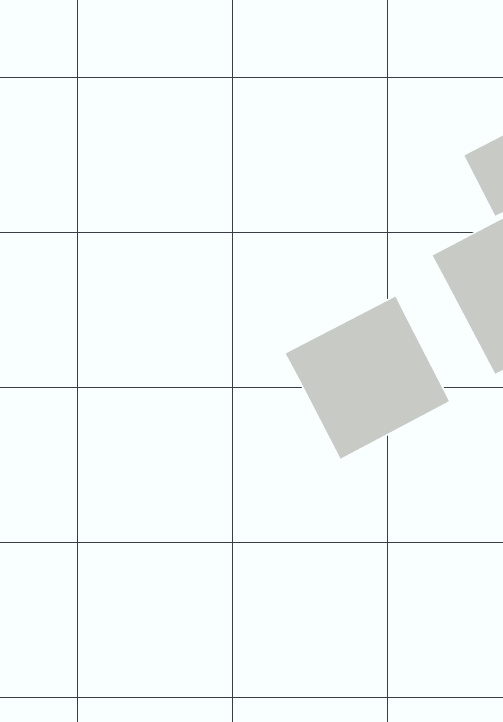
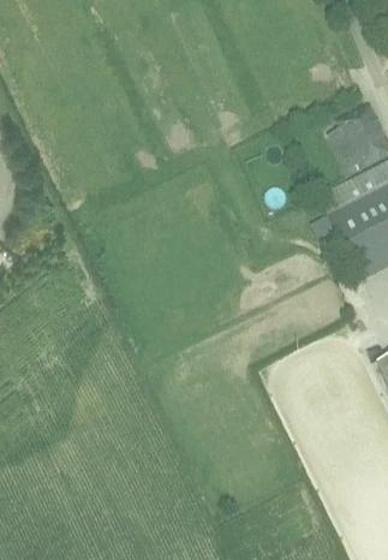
building: [284,295,450,460] -> none

